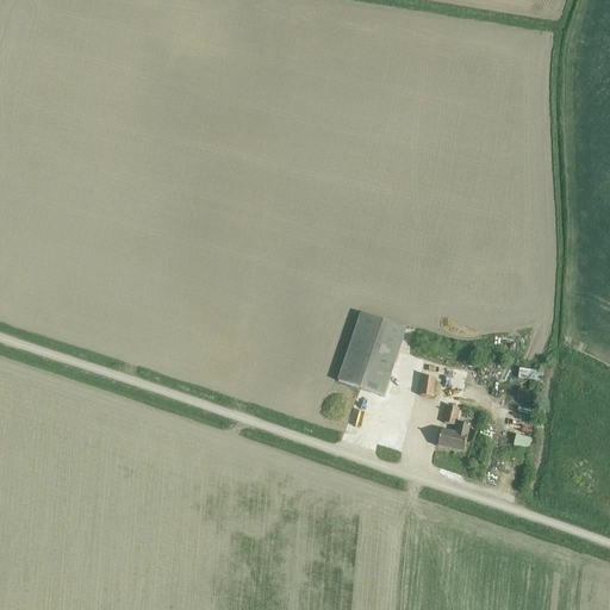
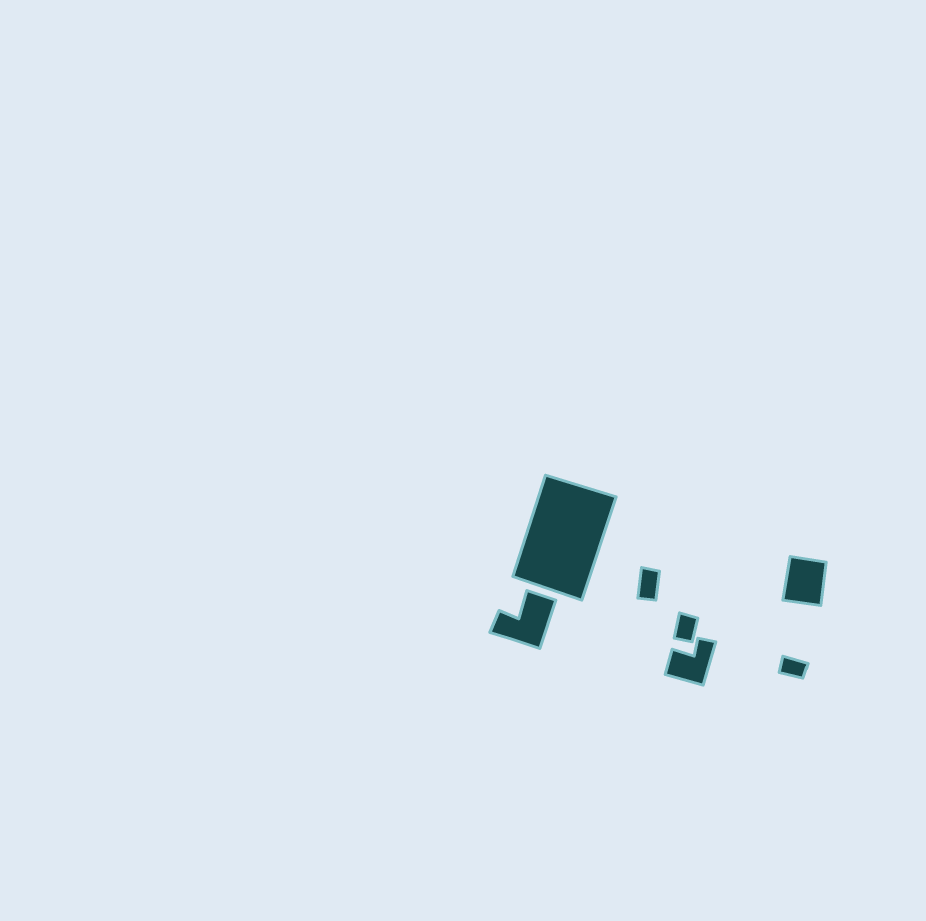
building: none -> [490,590,556,649]

